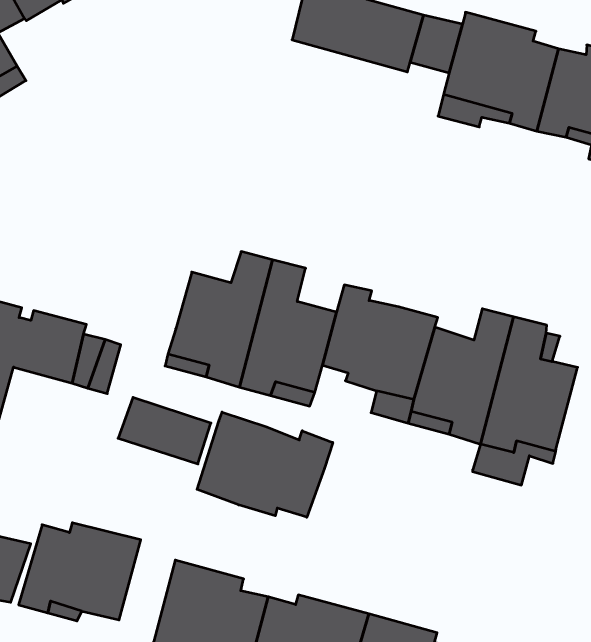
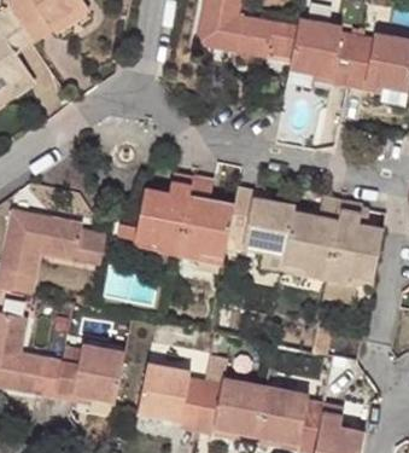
building: [197,412,333,517] -> none

